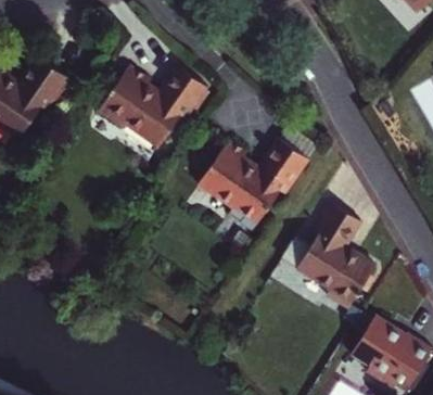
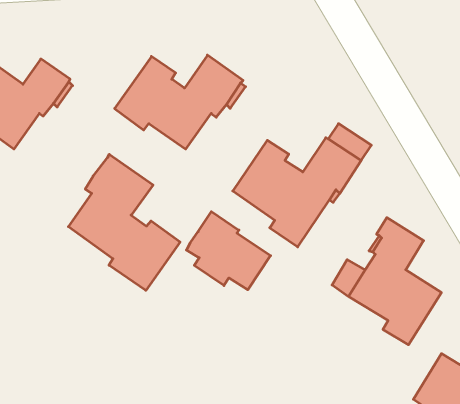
building: none -> [68,154,180,290]
building: none -> [186,212,271,290]

